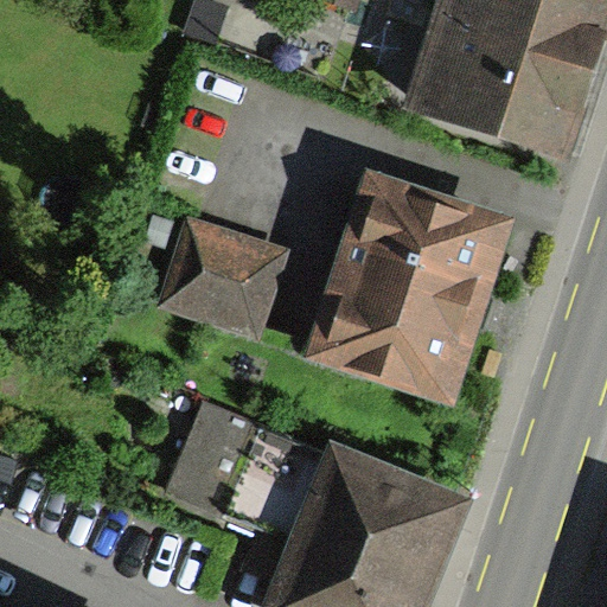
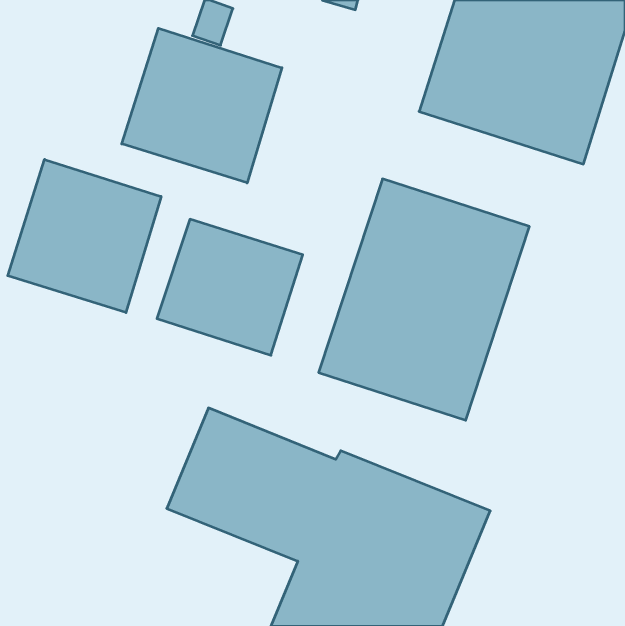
building: none -> [122,28,282,183]
building: none -> [8,159,161,313]

